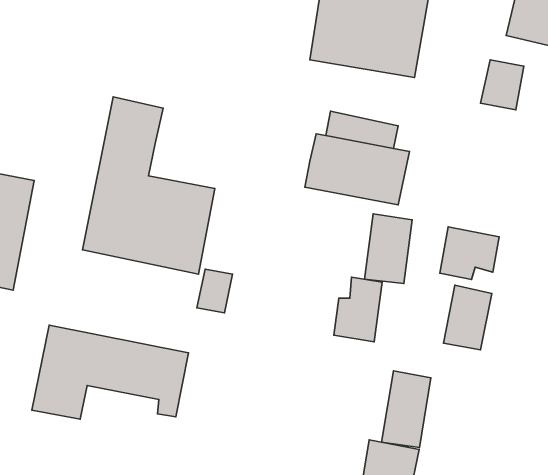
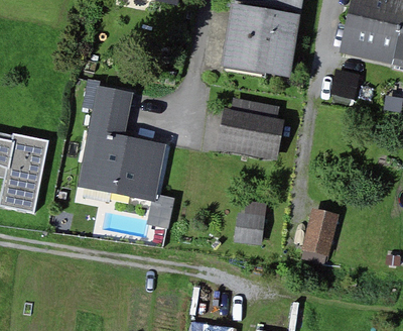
building: [364,214,412,284] -> none
building: [440,227,499,280] -> none
building: [32,325,188,419] -> none
building: [382,371,431,448] -> none

